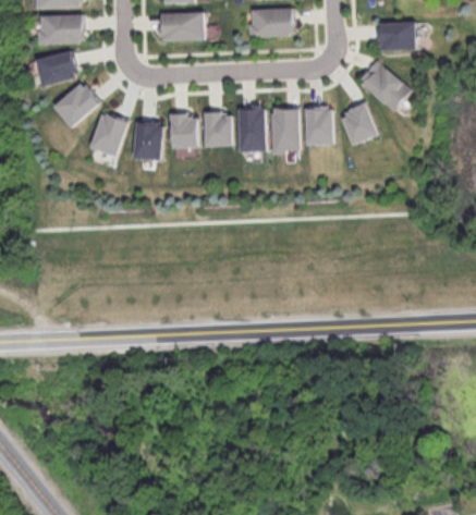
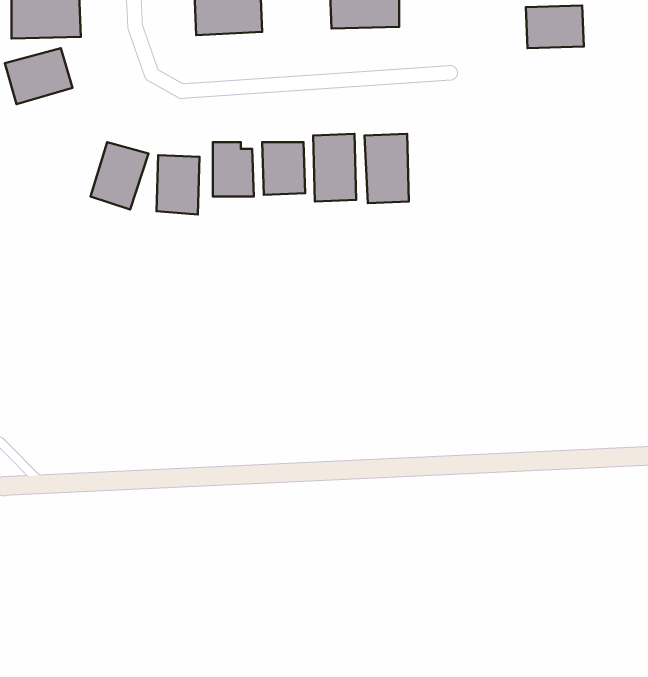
building: [359,60,412,111] -> none
building: [52,82,100,127] -> none
building: [340,103,379,145] -> none
building: [305,106,334,145] -> none

